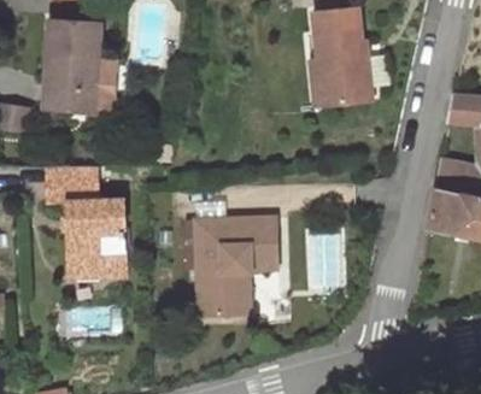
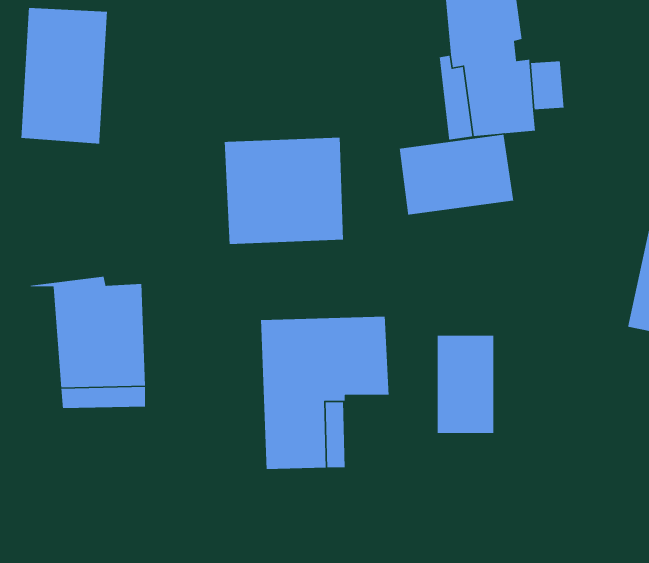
building: none -> [399,134,514,216]
building: none -> [224,137,344,245]
building: [49,165,98,199] -> none

